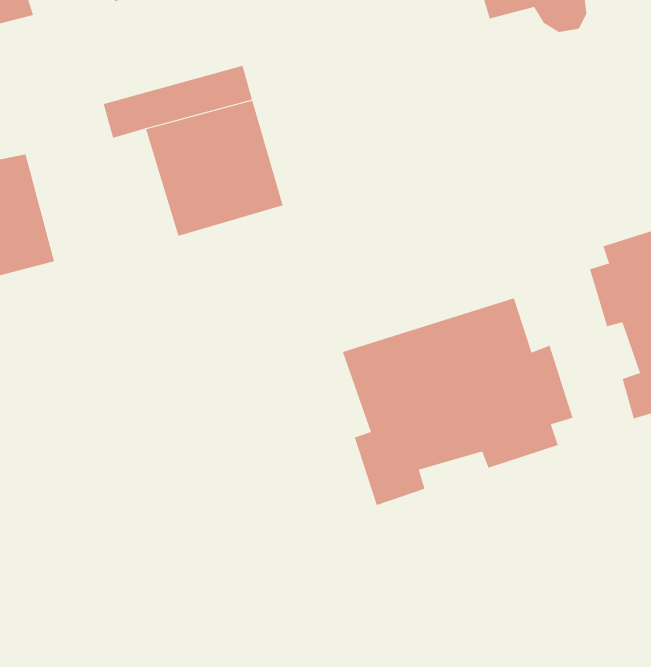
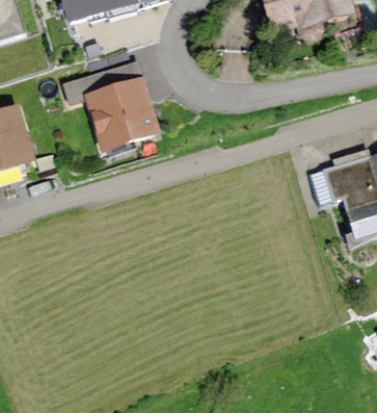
building: [342,297,573,506] -> none

